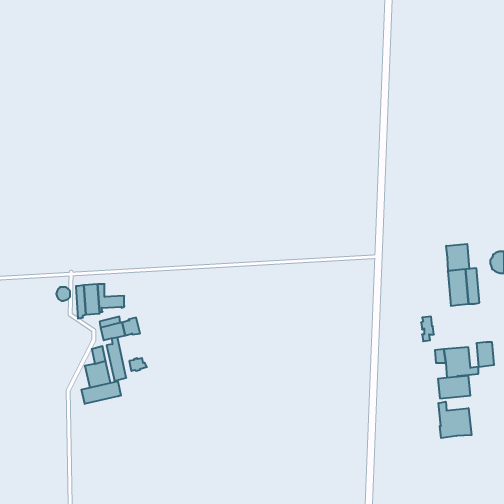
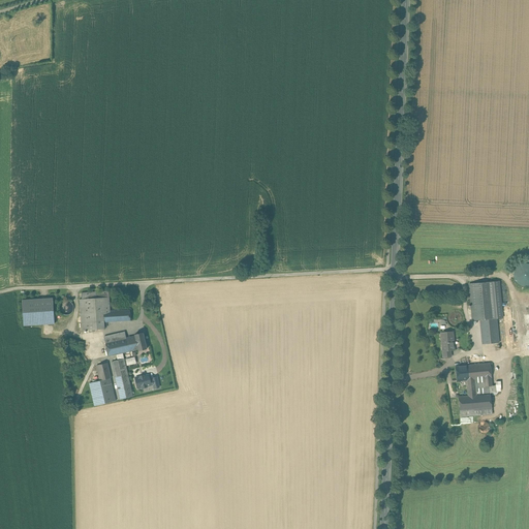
building: [446,244,469,271] -> none
building: none -> [22,298,55,325]
building: [476,342,494,367] -> [480,318,499,344]
building: [81,381,121,404] -> none
building: [438,402,472,438] -> none

